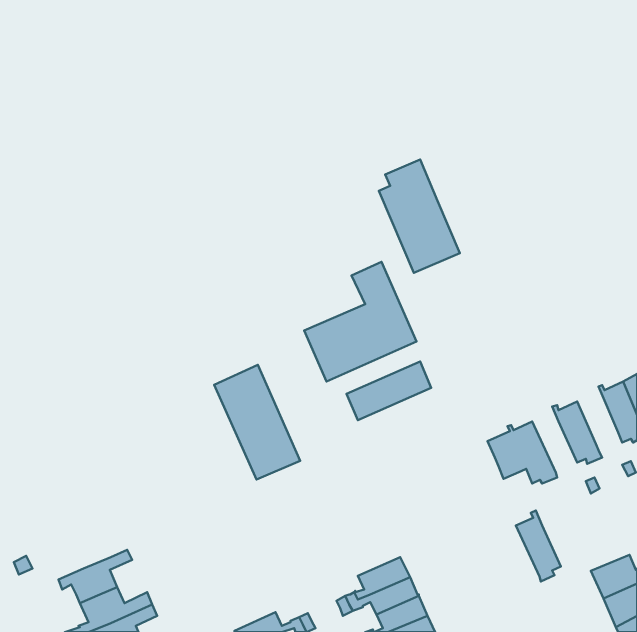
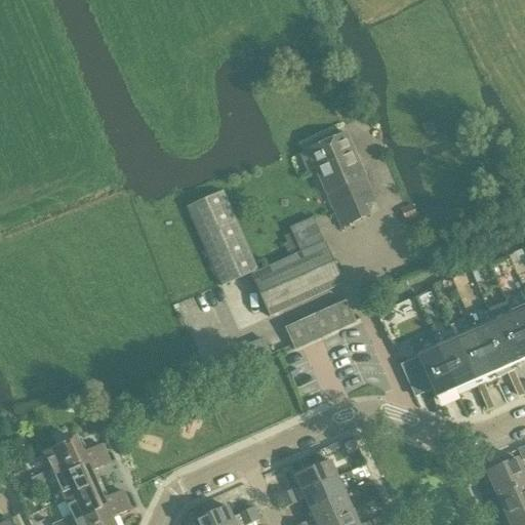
building: [214,365,300,480] -> [187,189,257,283]
building: none -> [474,318,512,376]
building: [516,511,561,582] -> [438,334,475,393]
building: none -> [32,436,105,483]

